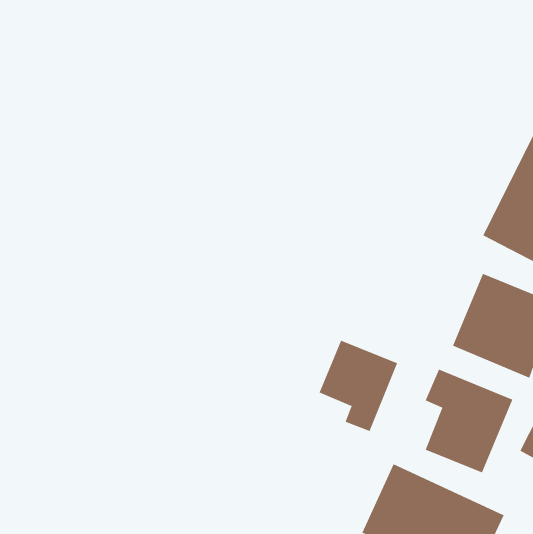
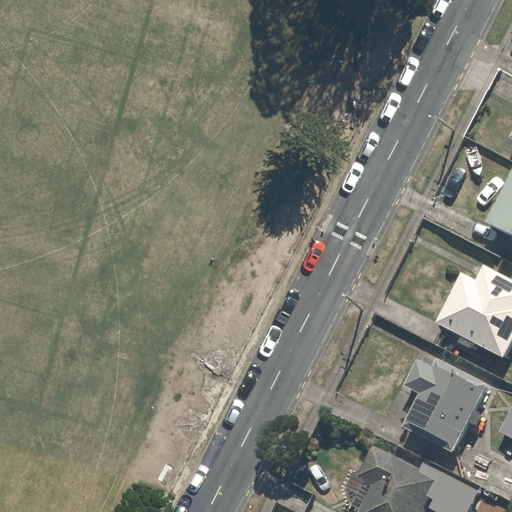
building: [319,340,398,432] -> none

